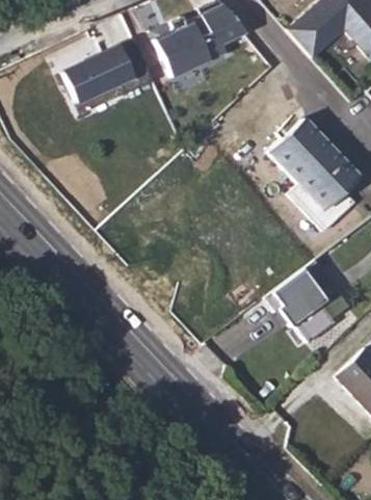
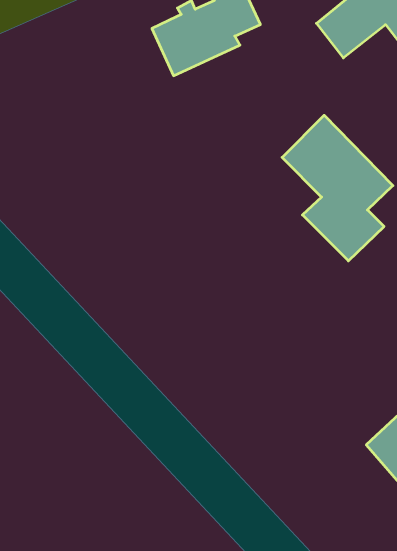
building: [63,42,154,106] -> none
building: [263,270,326,331] -> none

